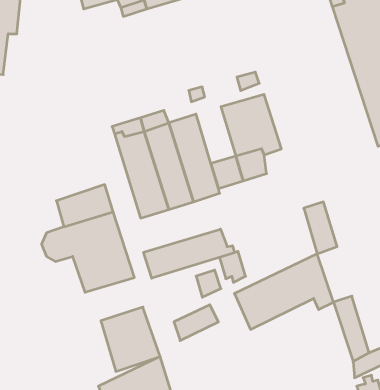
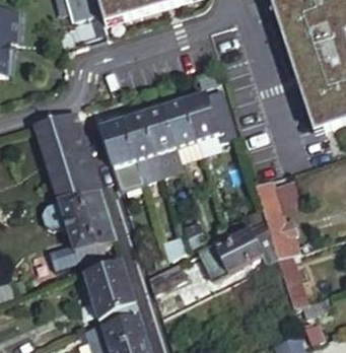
building: none -> [166,100,199,147]
building: none -> [36,116,91,178]
building: [144,229,234,278] -> none
building: none -> [266,215,299,261]

